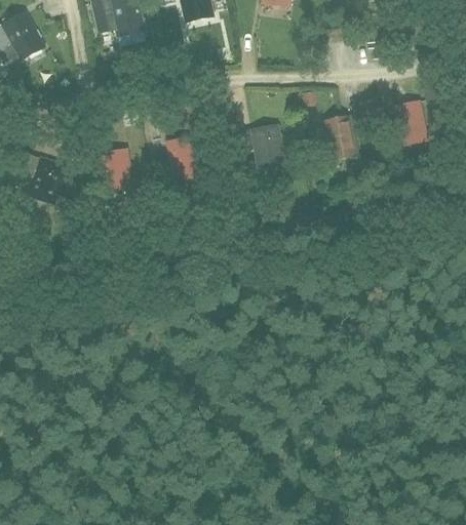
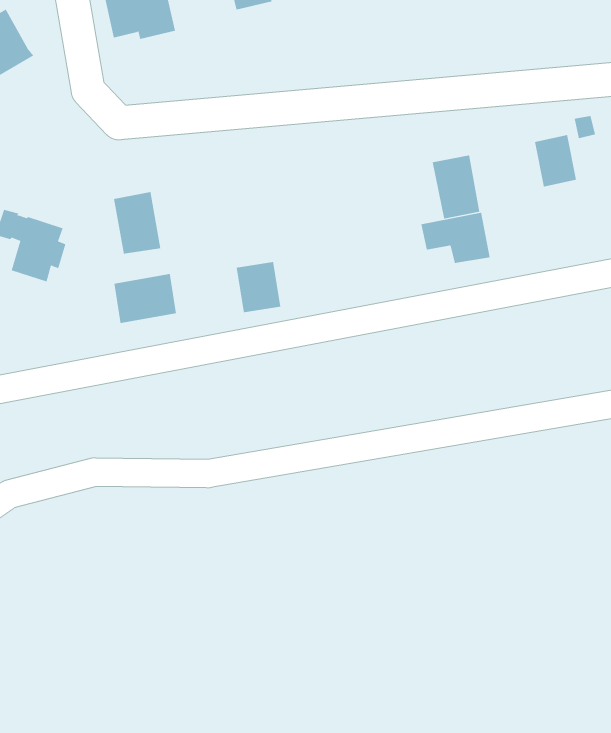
building: [233,126,282,162] -> [420,212,491,263]
building: [166,138,198,174] -> [236,262,281,313]
building: none -> [114,273,176,324]

